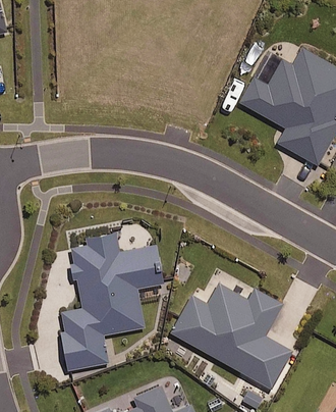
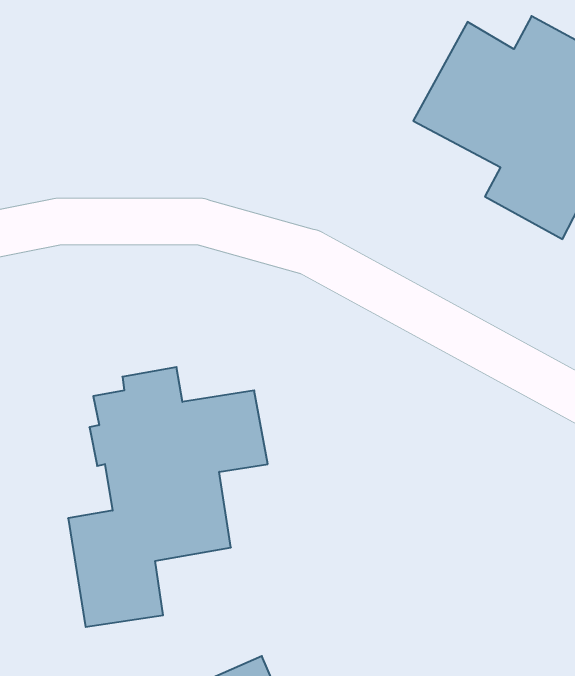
building: [172,284,291,389] -> none

